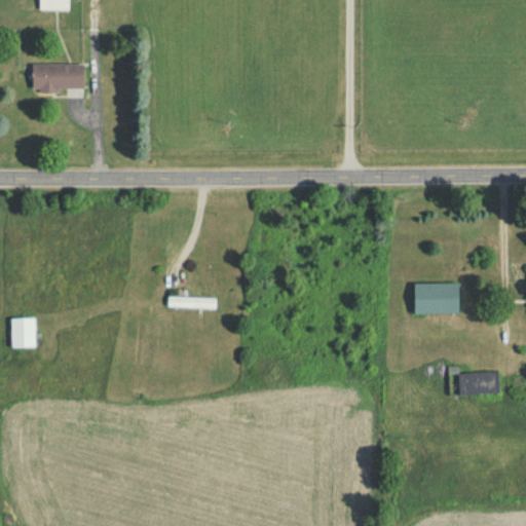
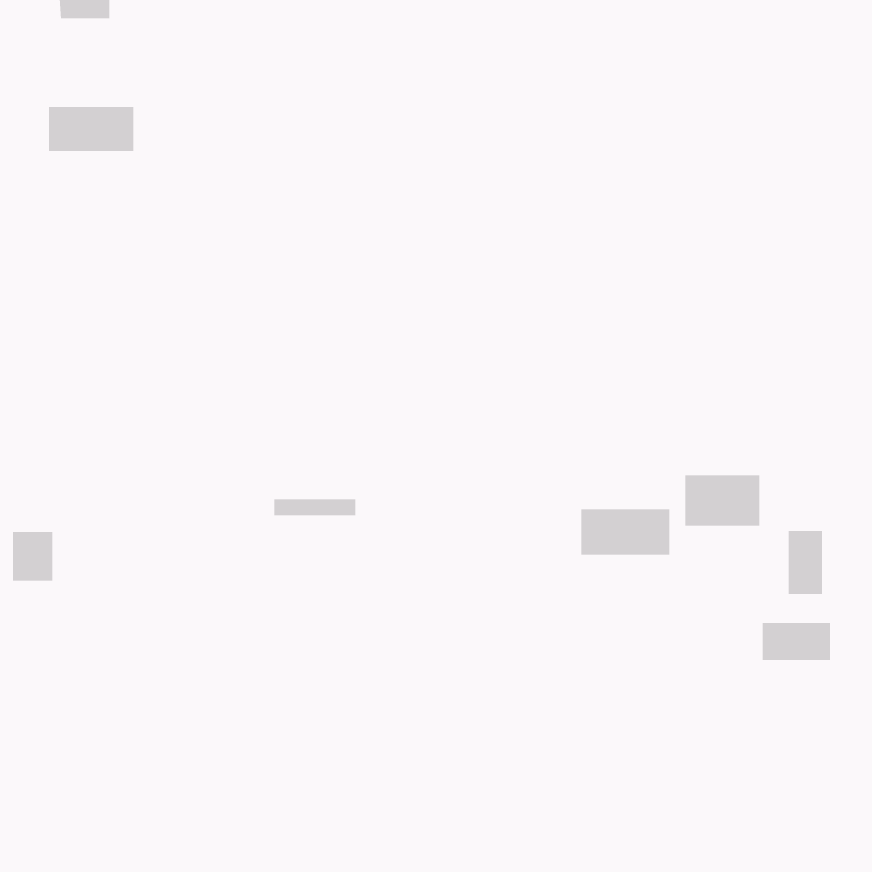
building: none -> [581,508,670,556]
building: none -> [788,530,823,595]

